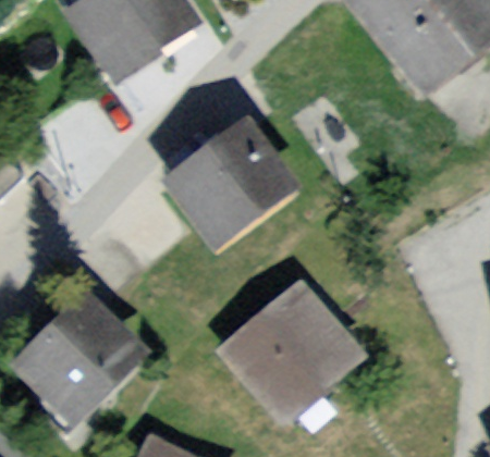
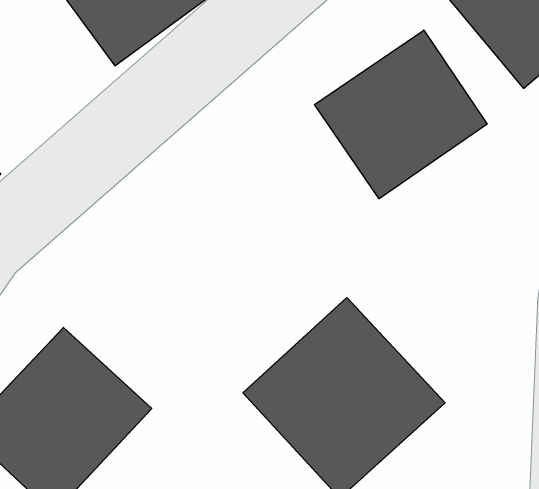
building: none -> [315,30,487,199]
building: [148,124,297,267] -> none

